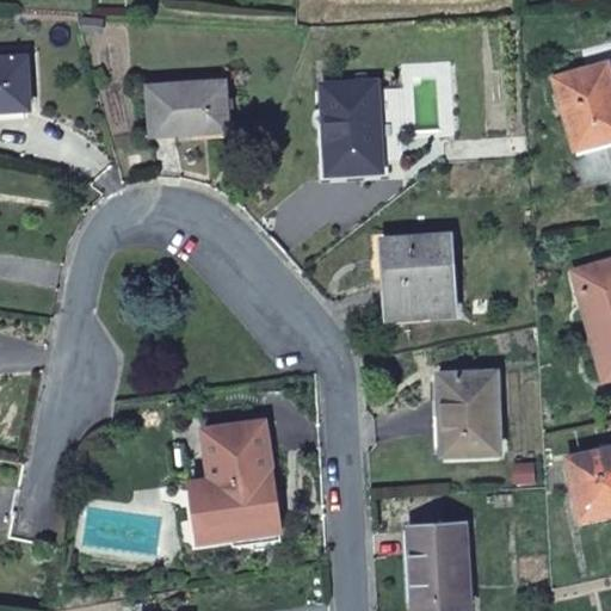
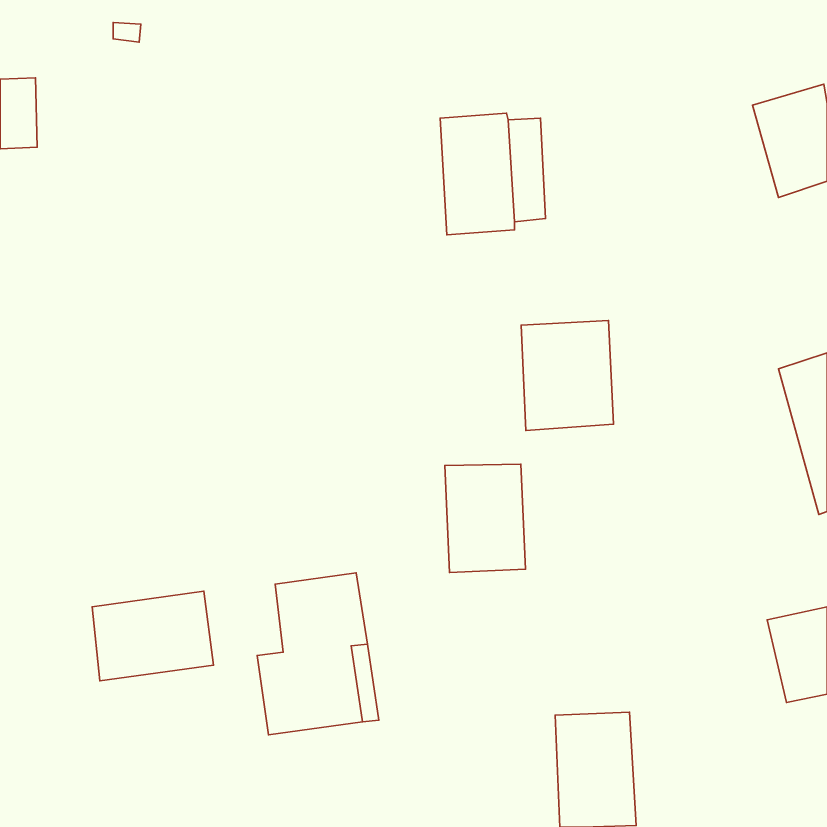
building: [149,82,227,135] -> none
building: [439,374,499,453] -> [445,464,526,572]
building: none -> [92,591,213,681]

